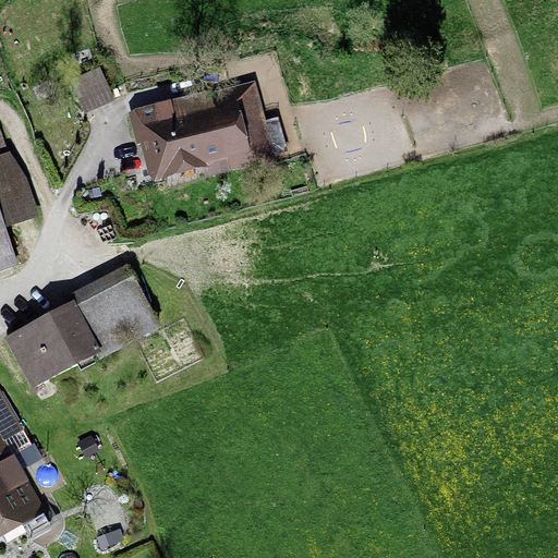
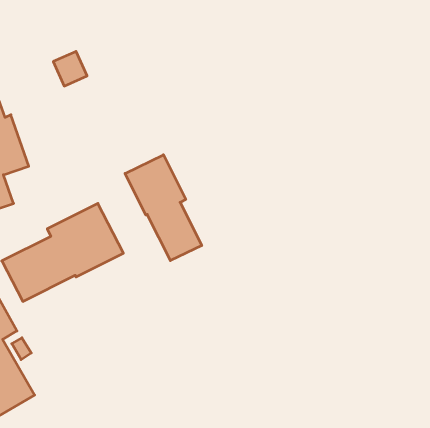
building: [125,78,274,180] -> none
building: none -> [125,155,202,261]

